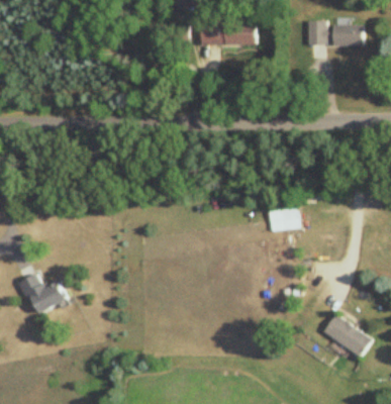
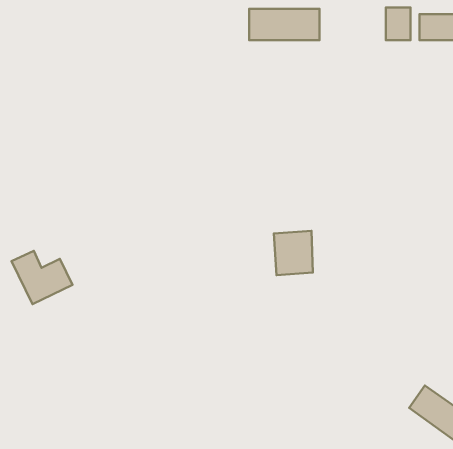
building: [269,198,299,232] -> [274,231,313,275]
building: [20,275,68,316] -> [12,251,73,304]

